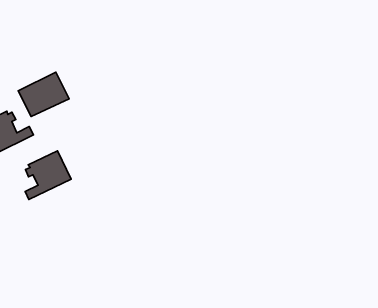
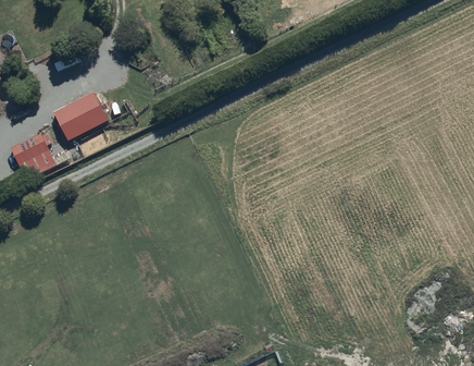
building: [25,151,71,199] -> none

